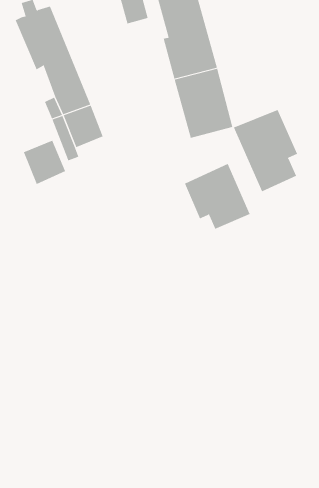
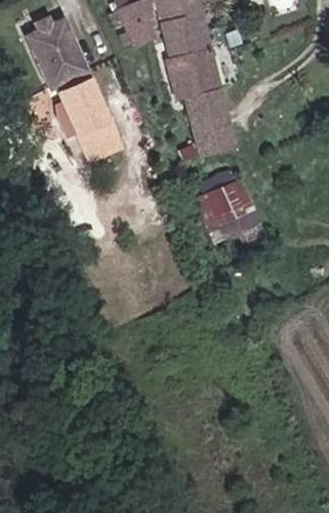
building: [233,109,298,192] -> none
building: [23,140,66,185] -> none

